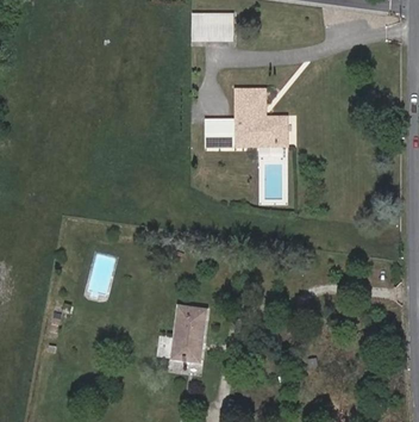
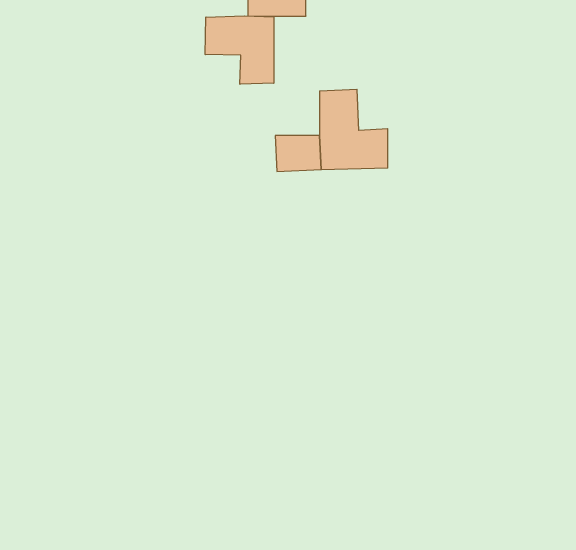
building: none -> [205,16,274,84]
building: [170,303,207,362] -> none

